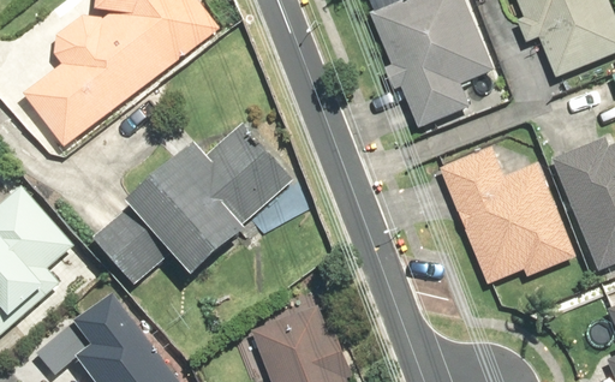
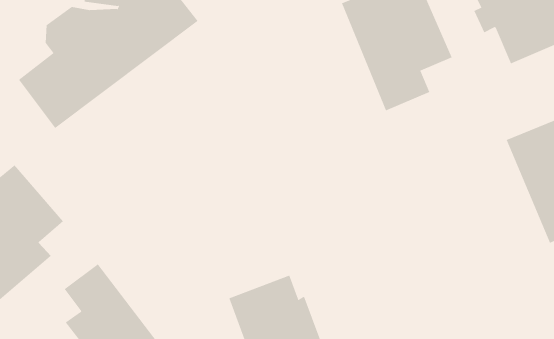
building: [90,120,293,285] -> none
building: [438,147,575,283] -> none

